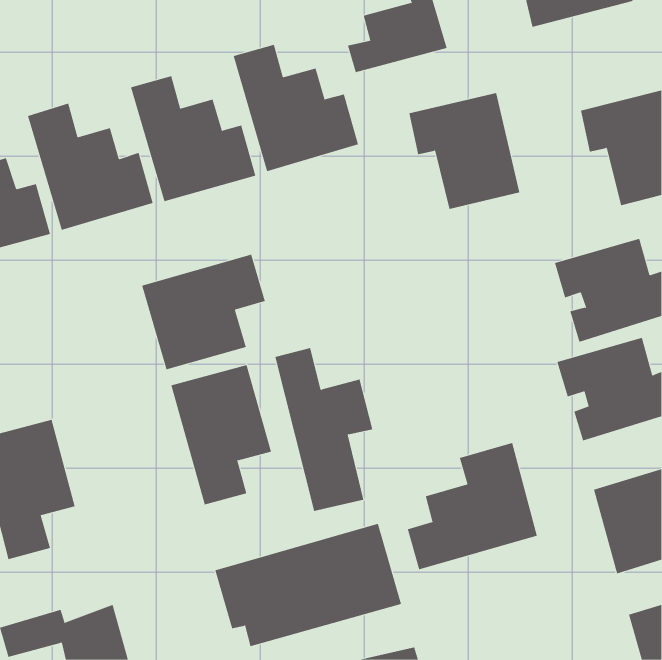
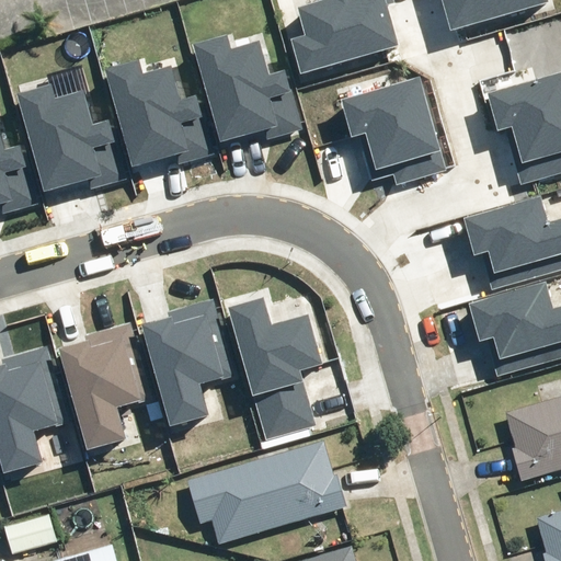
building: [142,254,265,370] -> none
building: none -> [61,334,147,453]
building: [407,442,537,570] -> none

